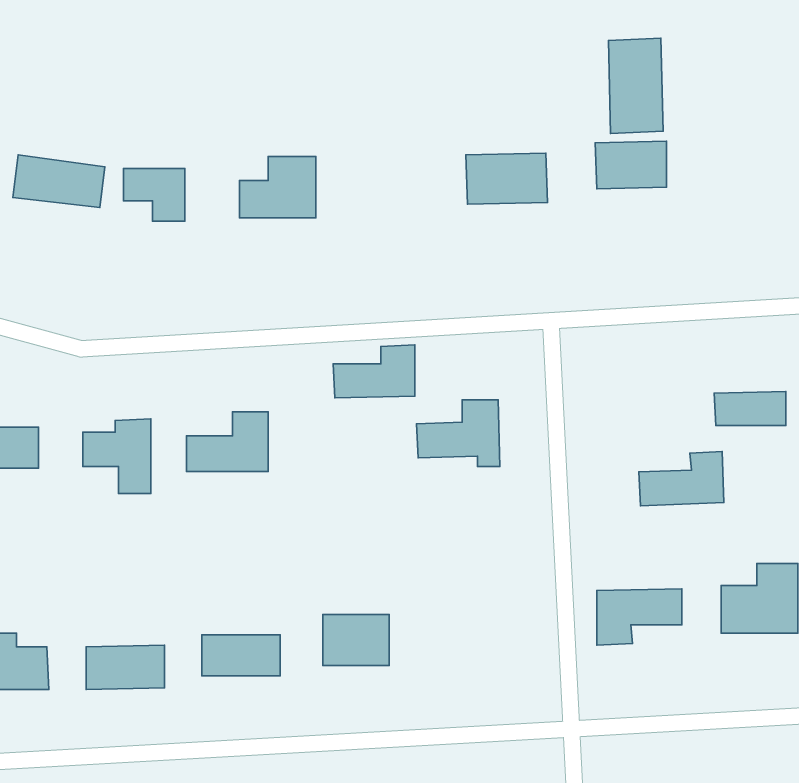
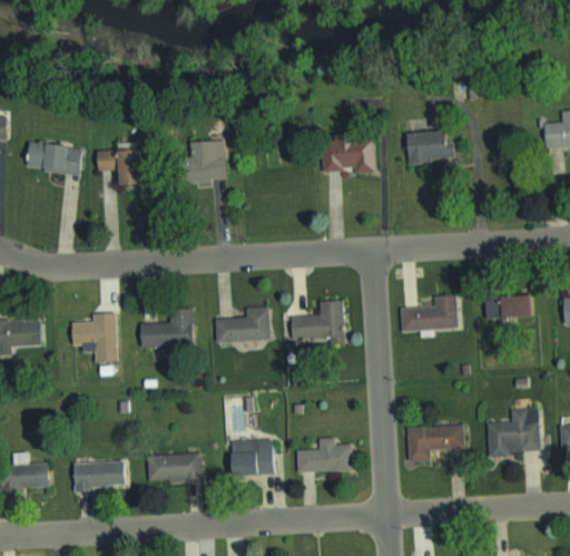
building: [608,38,663,133] -> none
building: [333,345,415,398] -> [215,306,268,341]
building: [639,451,724,506] -> [401,295,456,331]
building: none -> [296,438,352,471]

